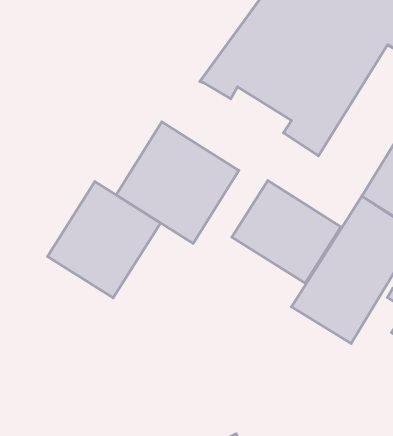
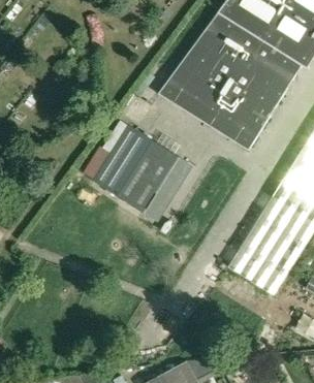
building: [232,181,341,283] -> none
building: [48,182,161,298] -> none

